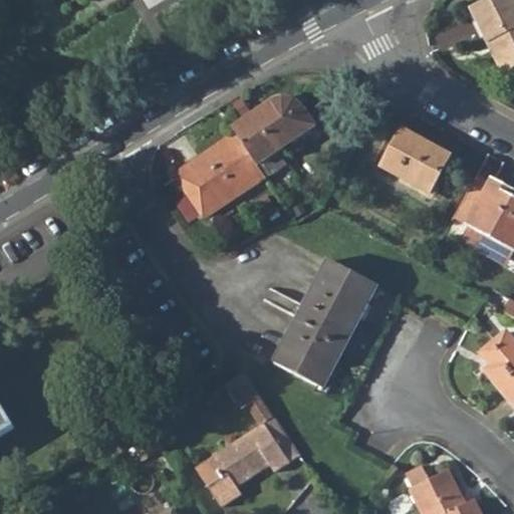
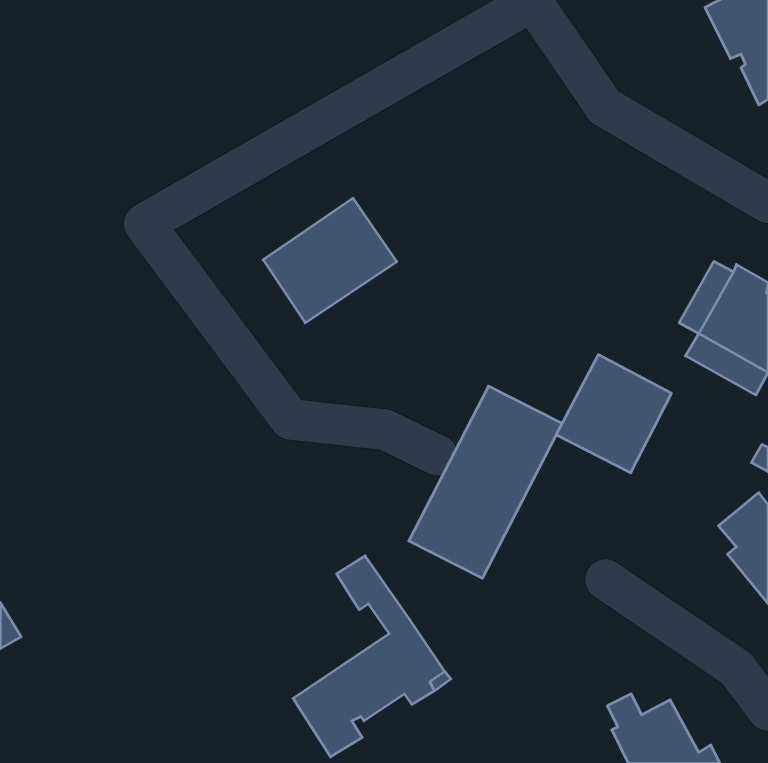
building: [232,95,315,175] -> none
building: [381,127,451,192] -> none
building: none -> [556,355,671,473]

